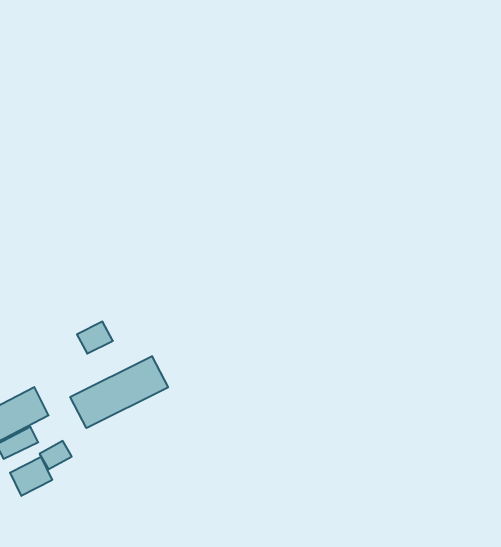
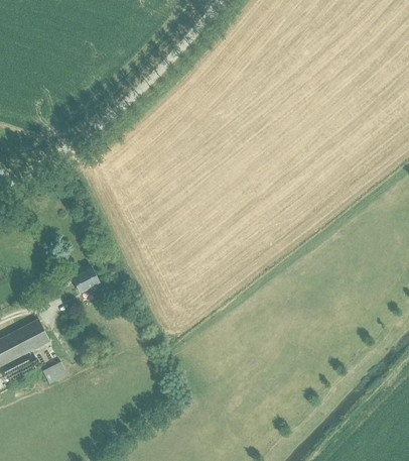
building: [70,356,168,428] -> none
building: [10,457,52,496] -> none

